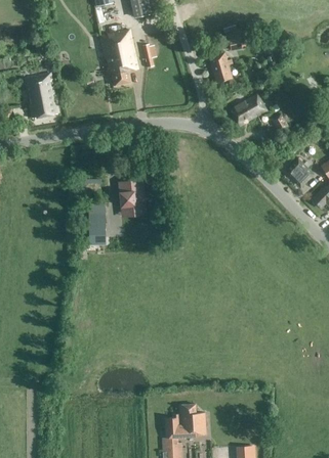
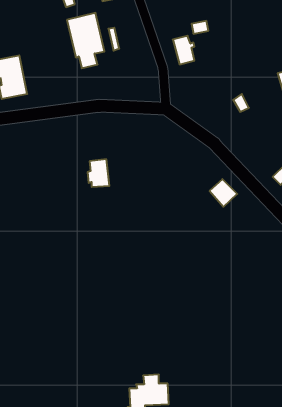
building: [230,94,266,126] -> none
building: [285,158,314,187] -> [210,179,237,207]
building: [88,203,107,244] -> none

